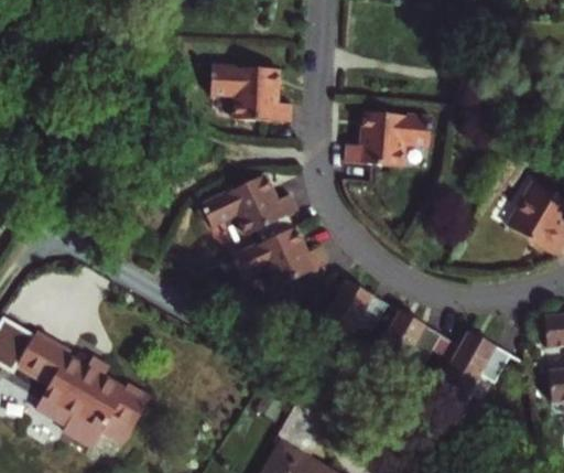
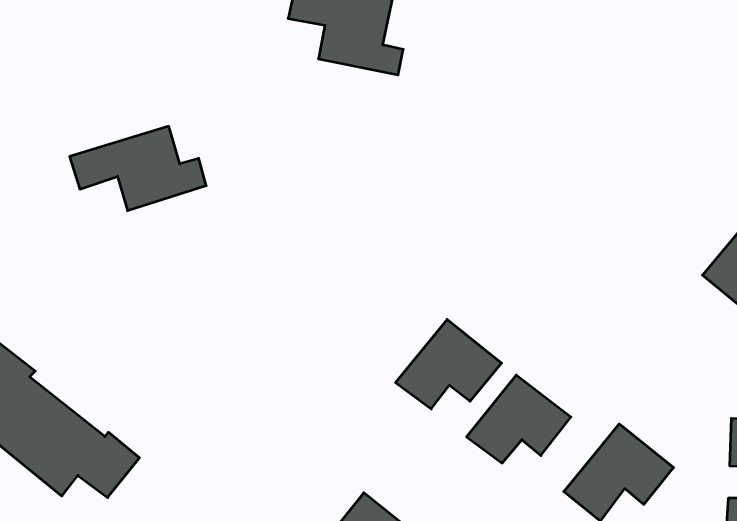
building: [348,111,434,168] -> none
building: [200,174,295,235] -> [70,126,206,211]
building: [229,226,324,286] -> none

